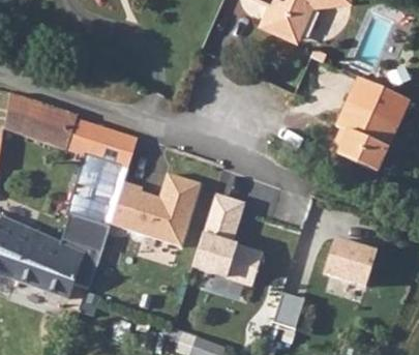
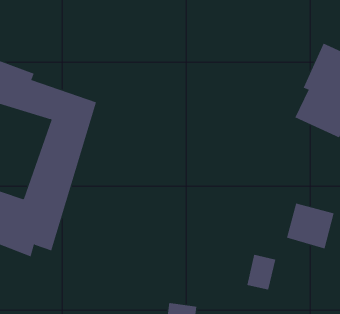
building: [112,173,204,249] -> none
building: [191,193,265,289] -> none

